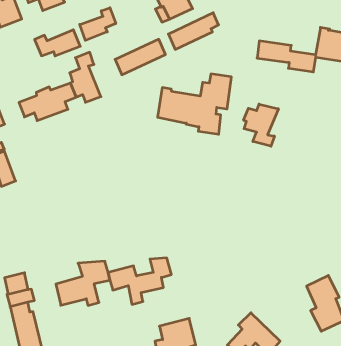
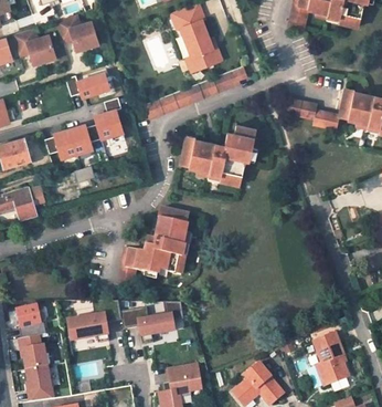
building: [80,8,116,40] -> none
building: [244,104,278,146] -> none
building: none -> [117,207,189,288]

